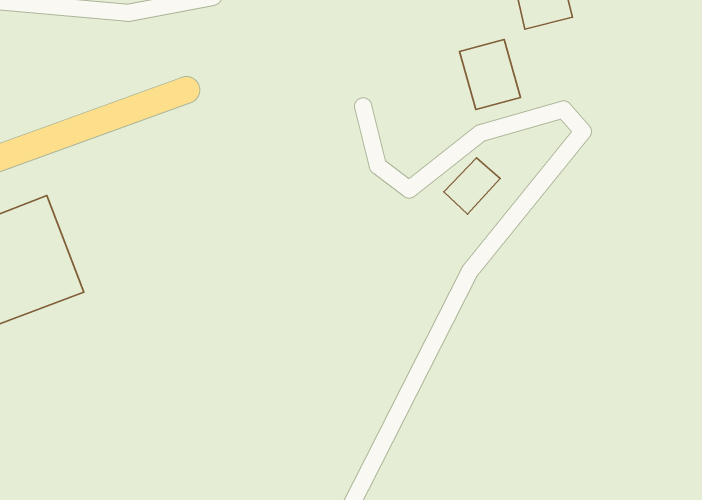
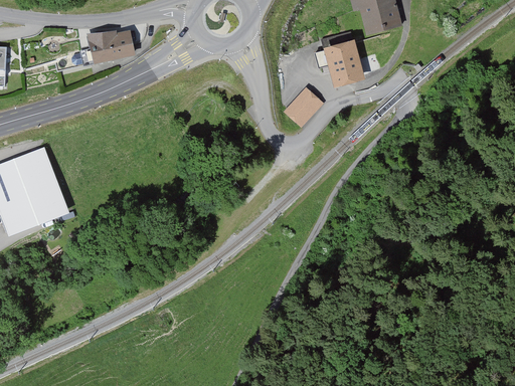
building: none -> [85,28,135,64]
building: [444,158,500,214] -> [284,88,322,127]

